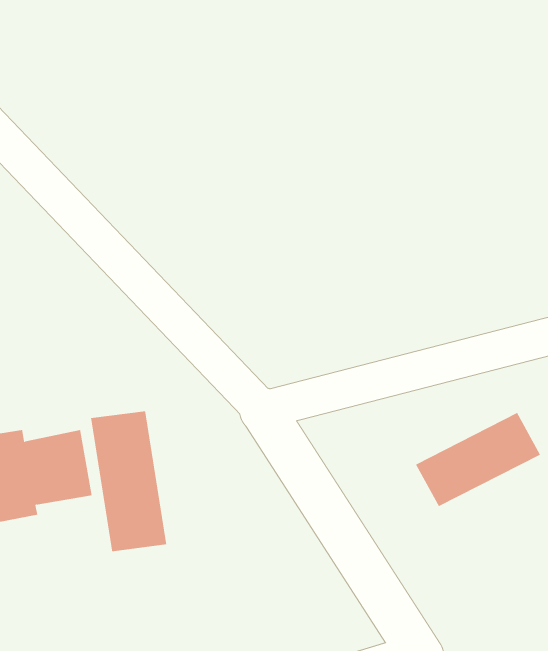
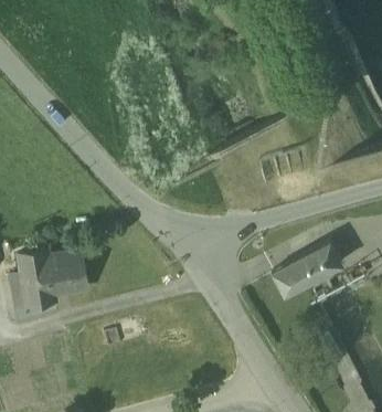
building: [90,410,167,552] -> none

